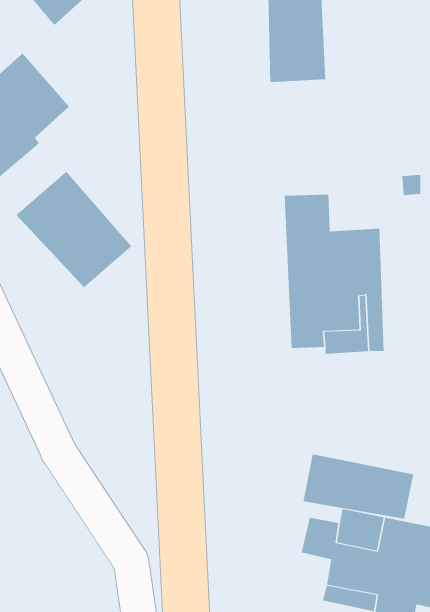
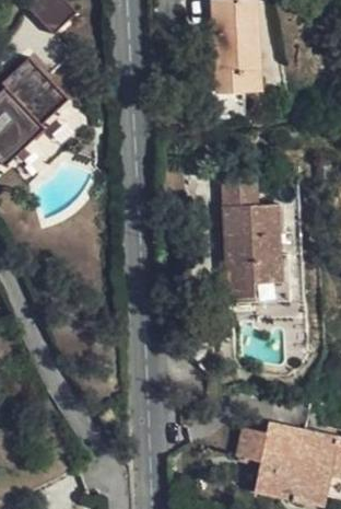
building: [16,171,132,288] -> none
building: [303,454,414,520] -> none

